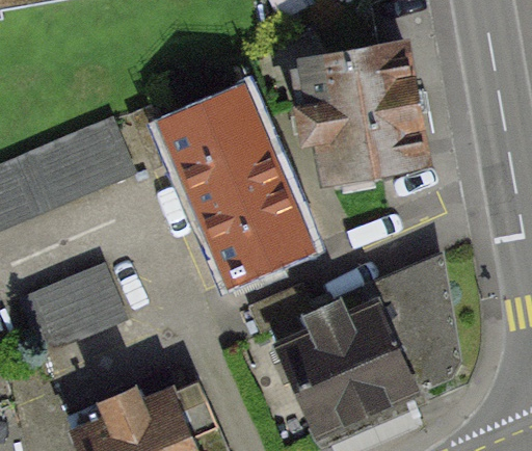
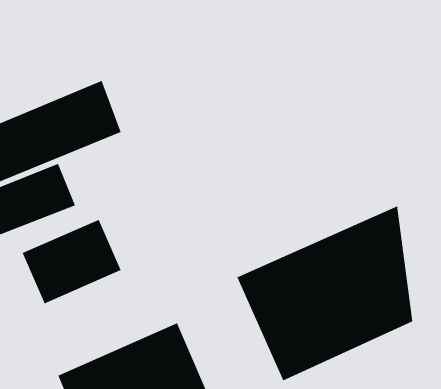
building: [296,58,410,166] -> none
building: [162,99,302,281] -> none

